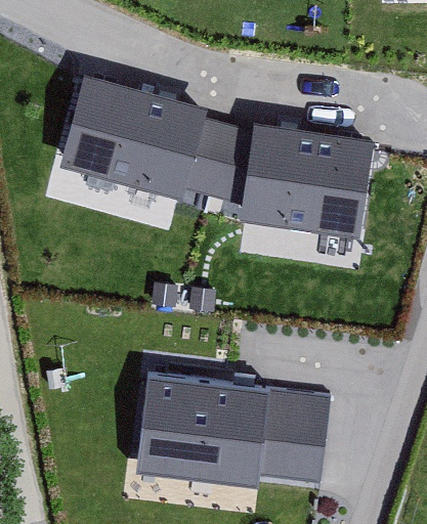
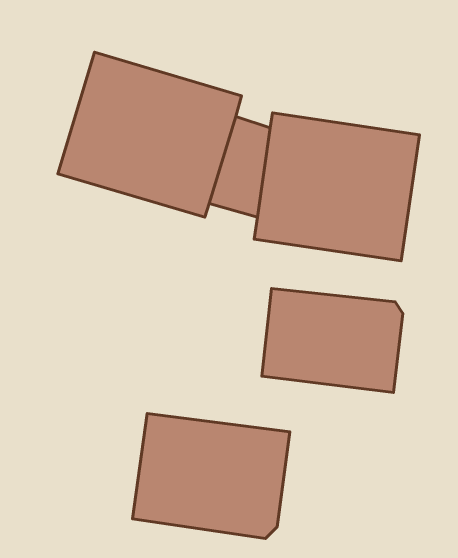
building: none -> [262,289,403,392]
building: [255,397,317,489] -> none

